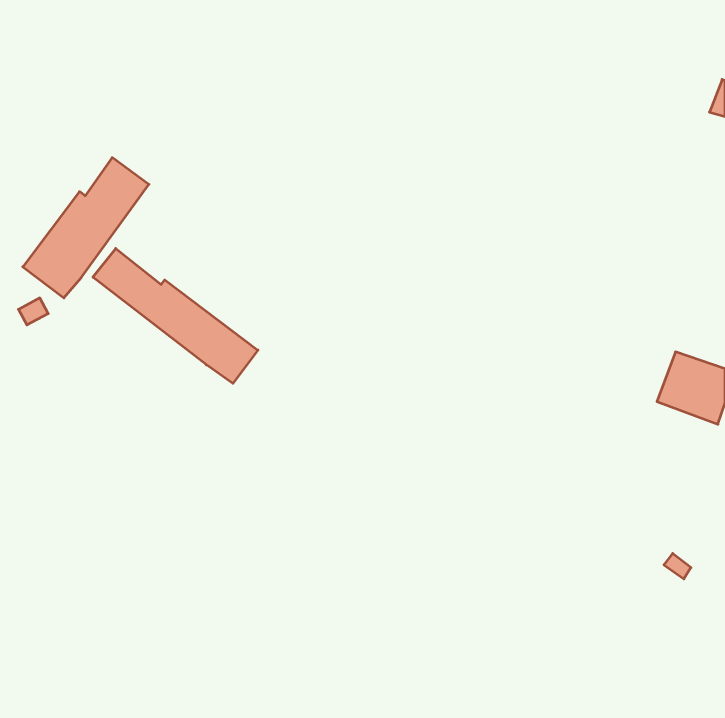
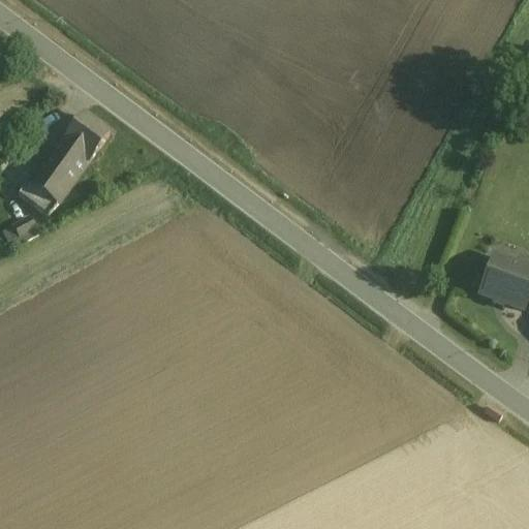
building: [93,248,258,383] -> none

